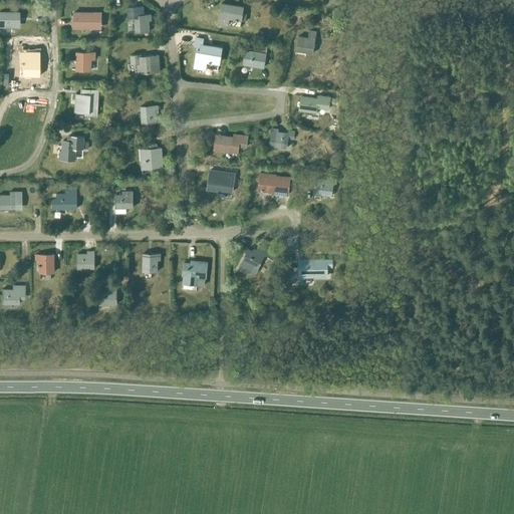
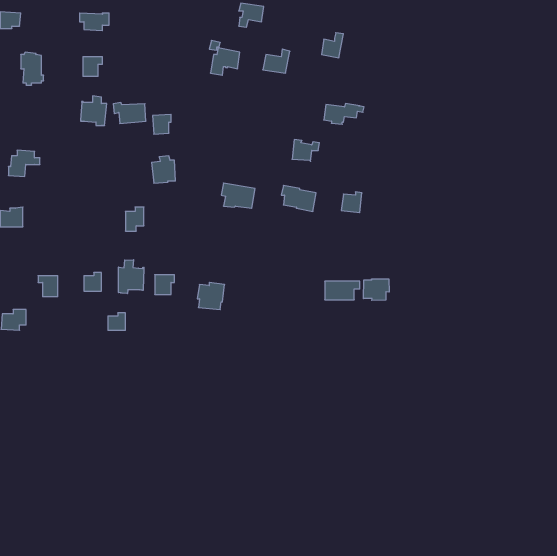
building: [126,7,152,33] -> none
building: [130,55,160,74] -> [113,103,146,123]
building: [214,136,247,153] -> none
building: [59,137,88,161] -> [8,150,40,176]
building: [52,188,76,210] -> none
building: none -> [119,260,144,294]
building: [239,246,275,275] -> none
building: none -> [363,279,389,300]

